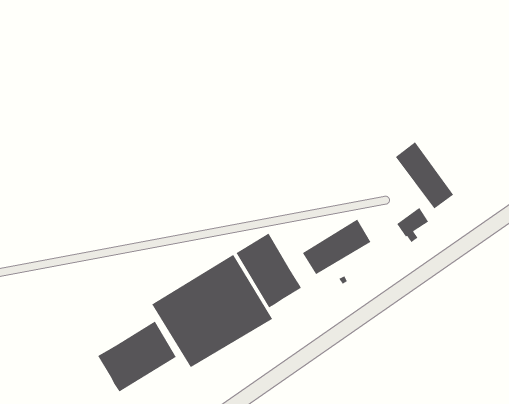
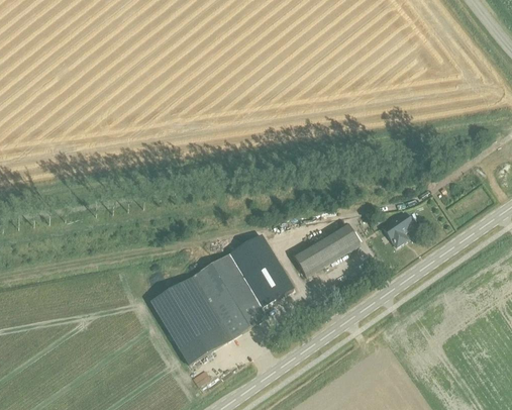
building: [395,141,454,209] -> none
building: [97,321,177,392] -> none

